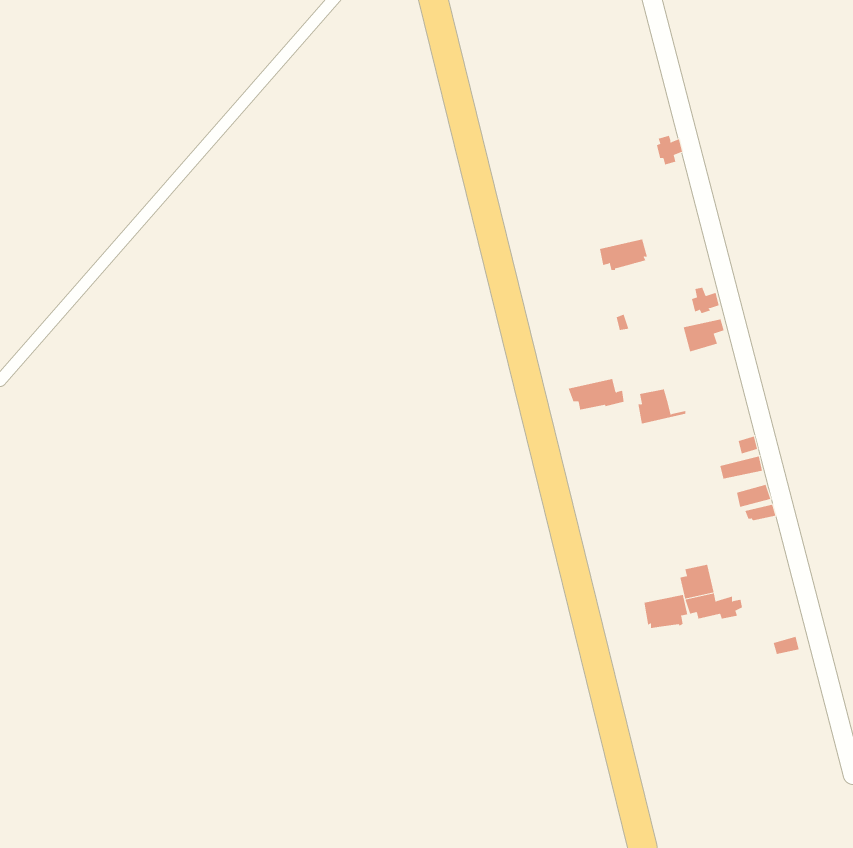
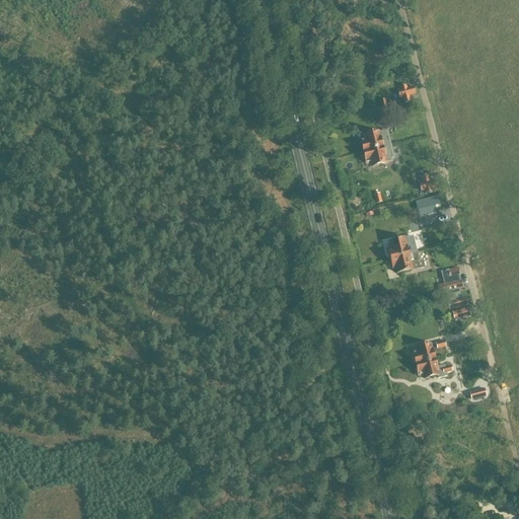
building: none -> [361,129,390,151]
building: [568,378,625,410] -> [389,251,424,271]
building: [644,594,688,629] -> none

